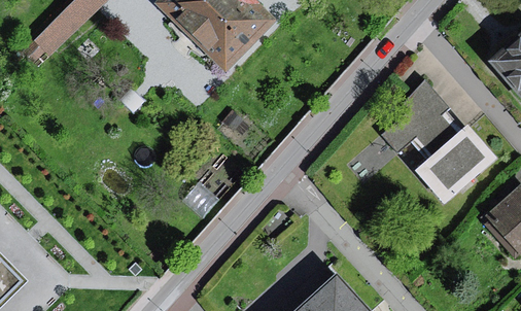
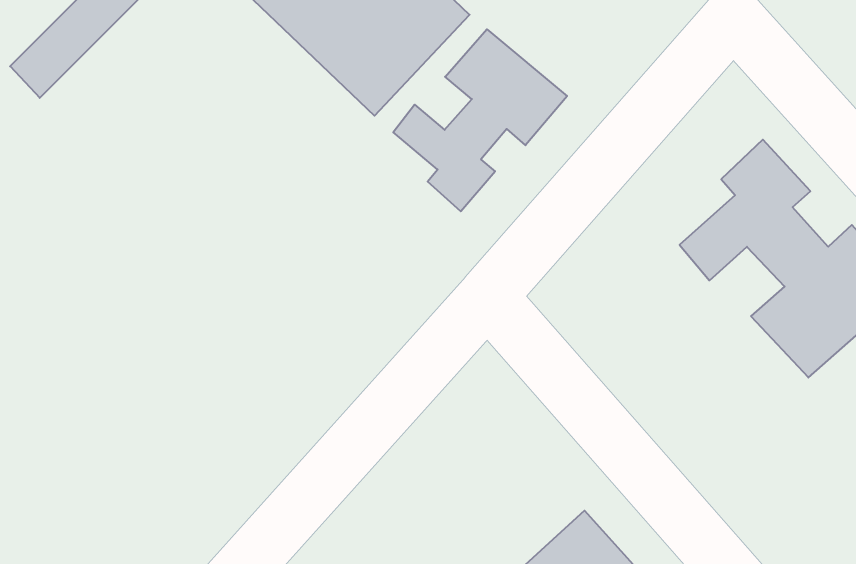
building: none -> [393,29,567,211]

